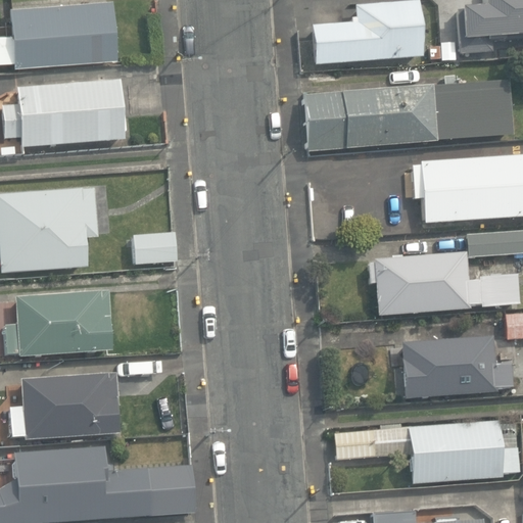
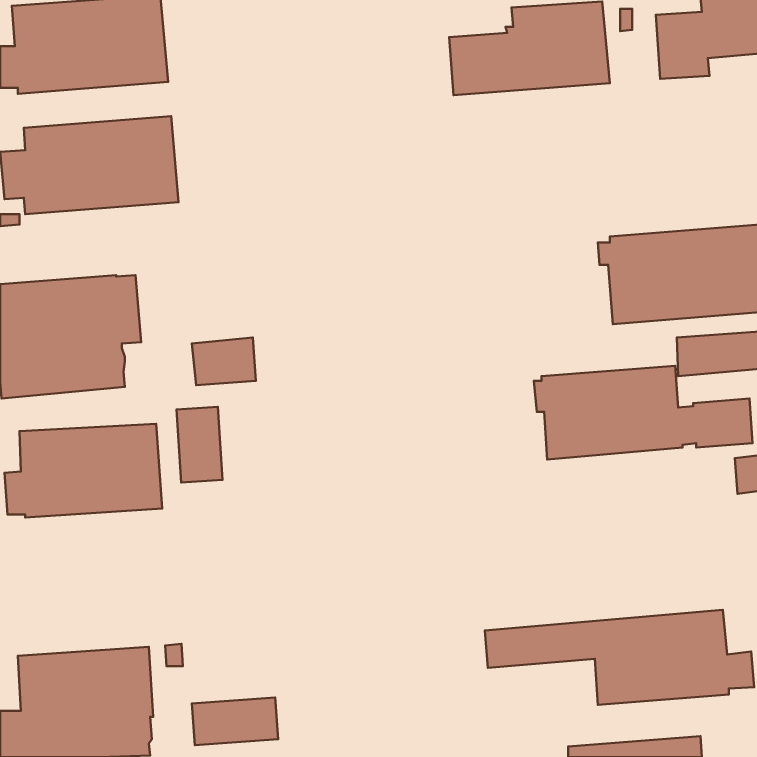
building: [304,79,513,149] -> none
building: none -> [176,407,223,483]
building: [399,337,514,400] -> none
building: [11,373,120,440] -> none

